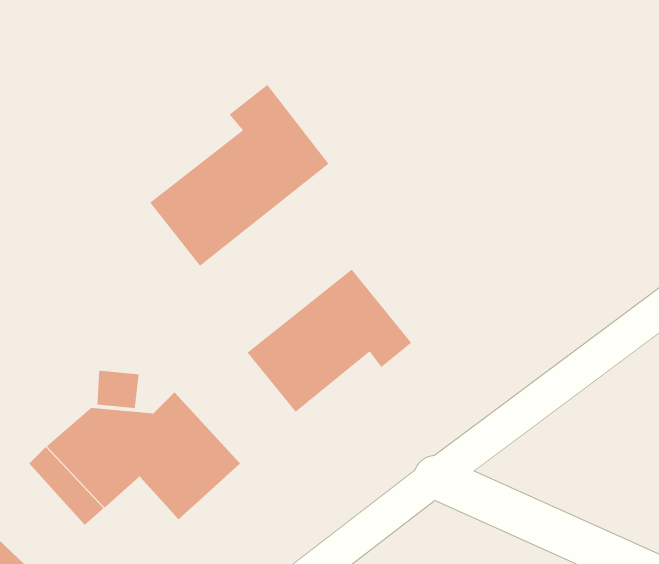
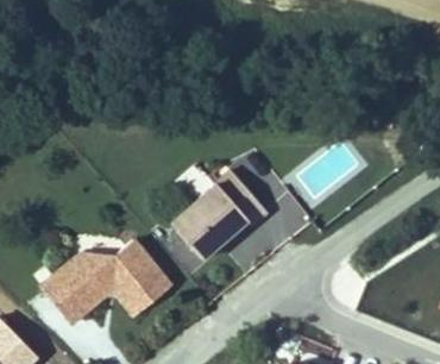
building: [149,84,329,267] -> none

